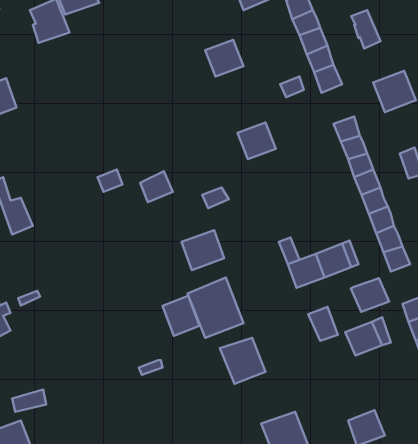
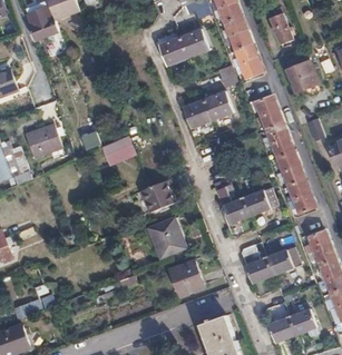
building: none -> [180,29,208,57]
building: none -> [205,91,233,119]
building: none -> [25,124,61,157]
building: [351,278,389,312] -> [244,257,273,283]
building: [163,296,199,336] -> none
building: none -> [287,308,315,335]

